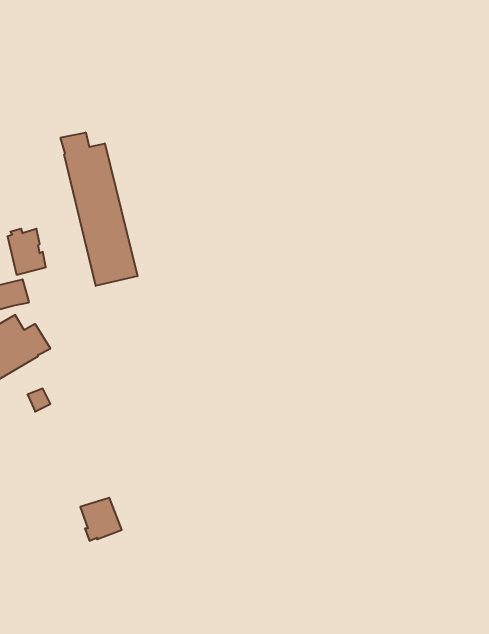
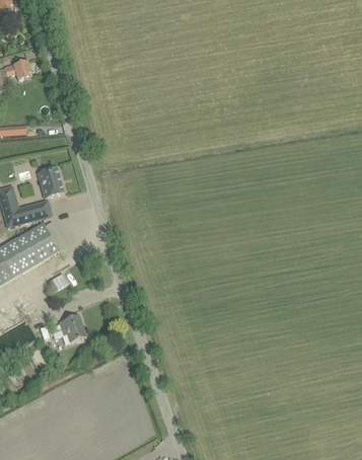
building: [61,132,137,286] -> none
building: [80,498,122,541] -> [59,314,86,342]

